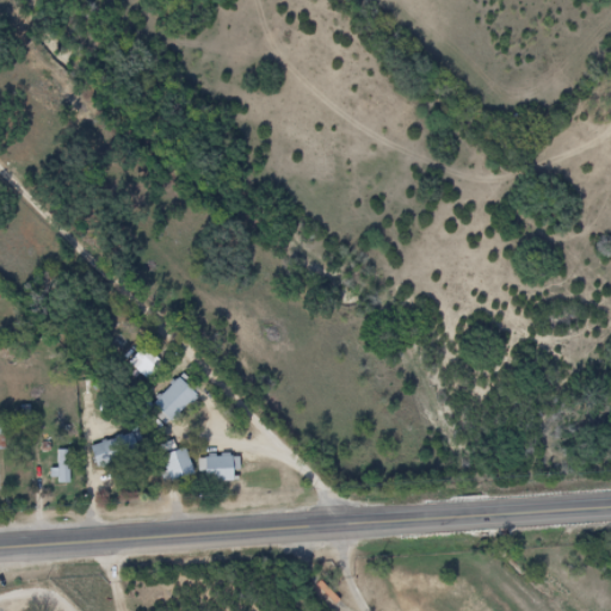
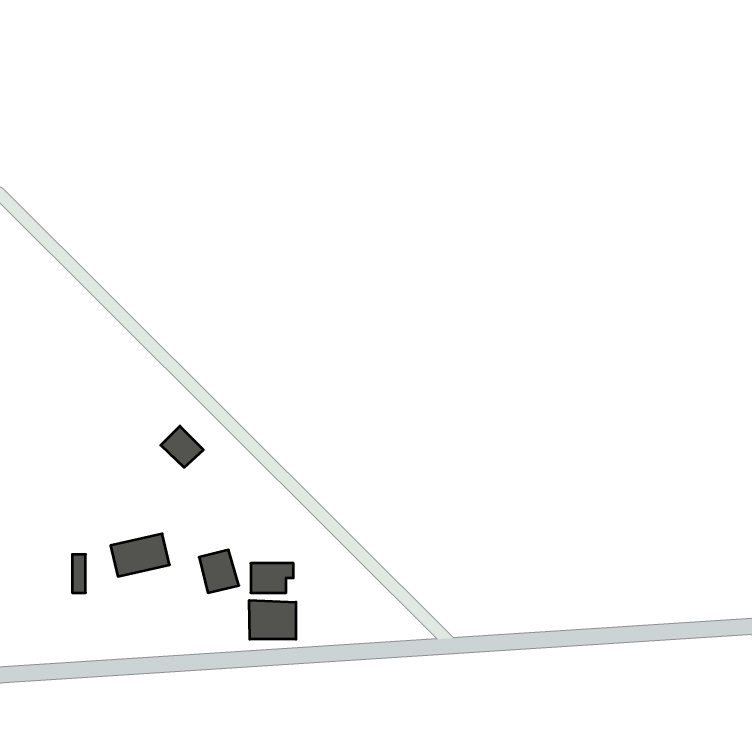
building: [153,376,197,419] -> none
building: none -> [249,600,296,639]

